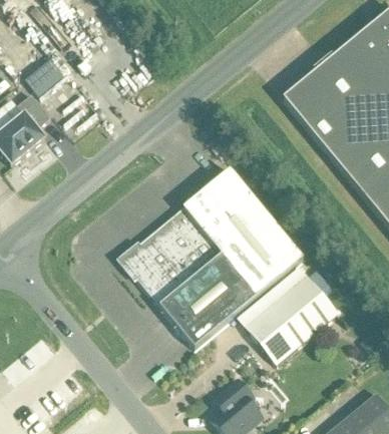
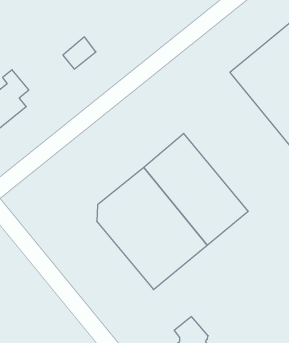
building: [26,57,64,94] -> [63,37,96,69]
building: [246,275,339,363] -> none

